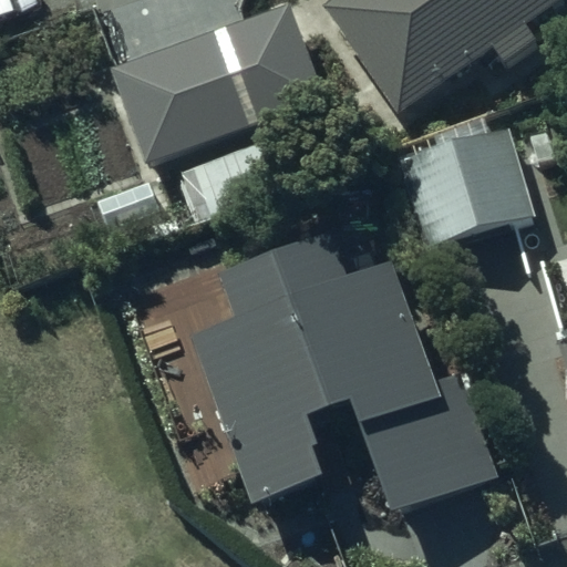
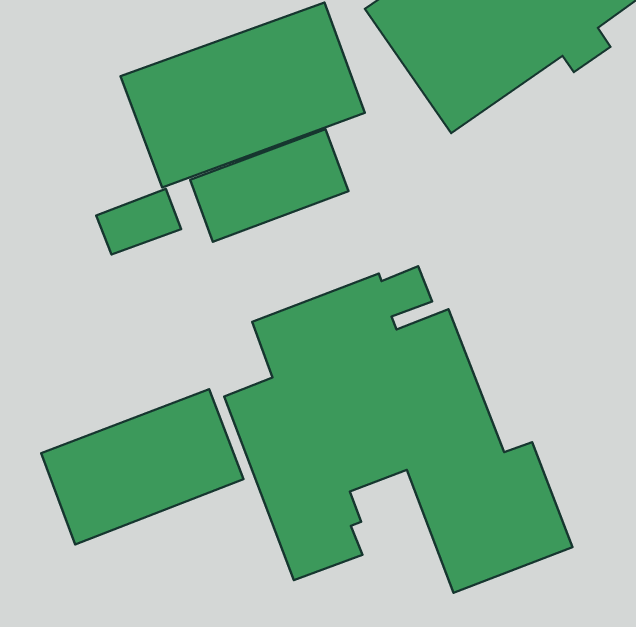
building: [398,125,535,247] -> none
building: none -> [41,389,244,545]

